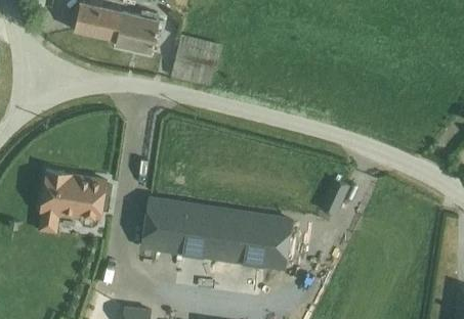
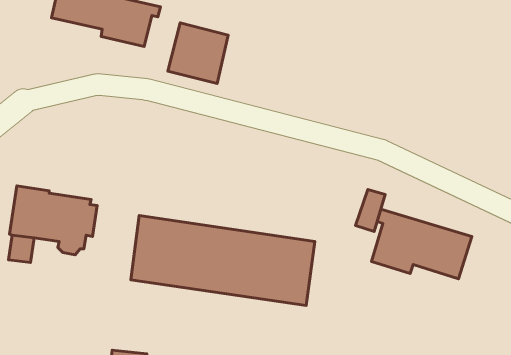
building: none -> [371,209,472,279]

